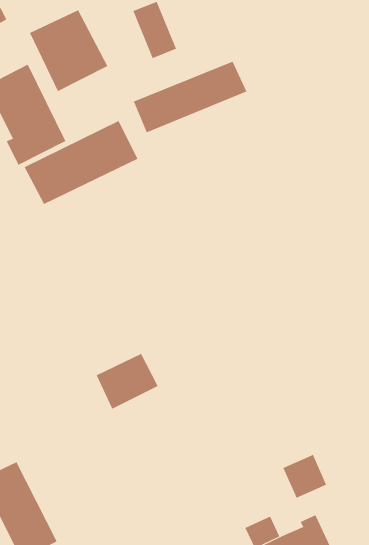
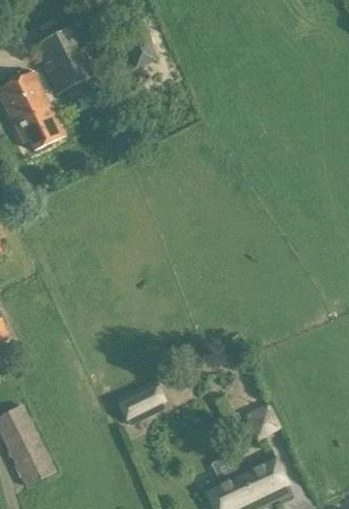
building: [133,61,247,133] -> none
building: [24,120,138,205] -> none
building: [96,353,159,410] -> [118,379,170,427]

